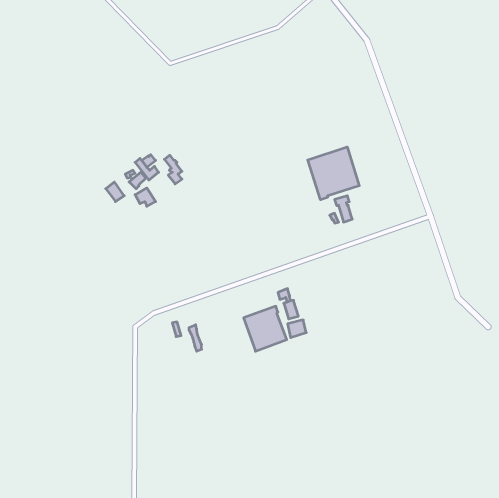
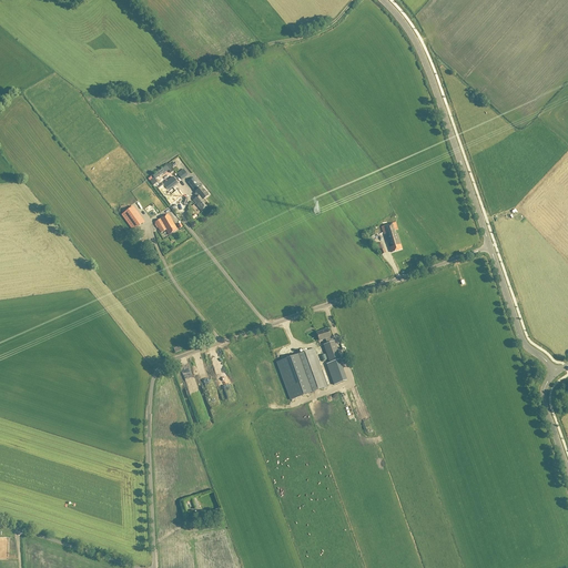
building: [308,147,359,200] -> none

